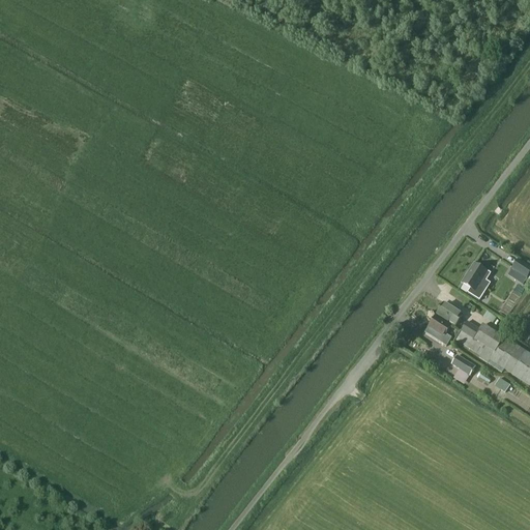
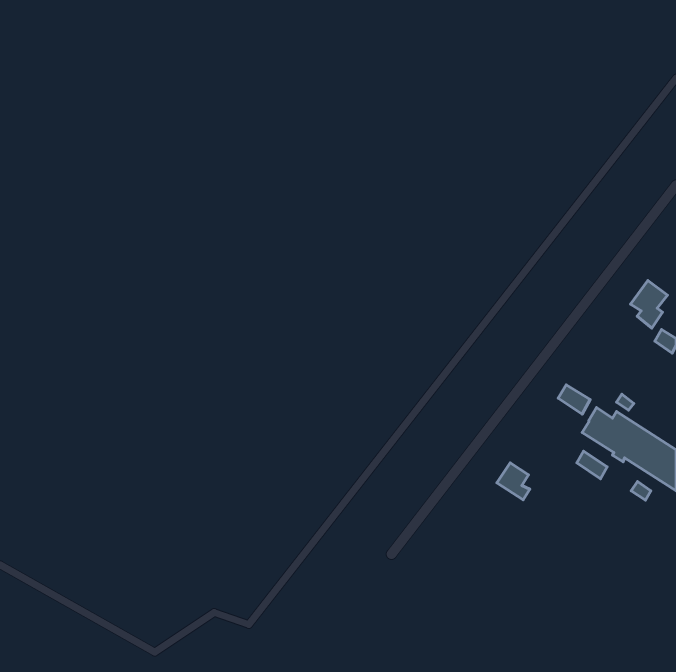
building: [462,263,491,300] -> [631,281,668,328]
building: [425,315,451,344] -> [497,463,530,500]

